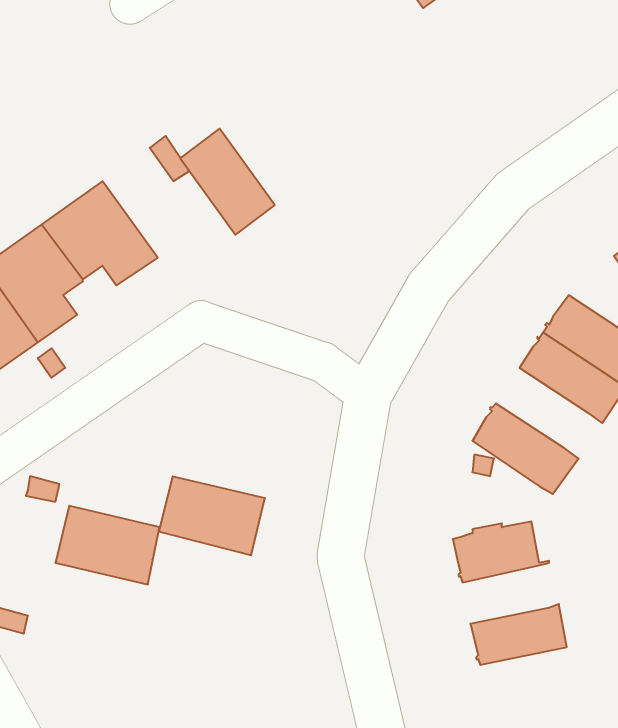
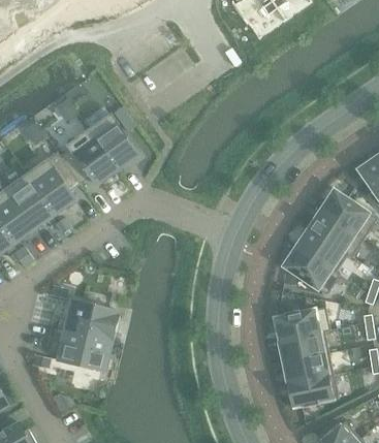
building: [180,129,275,235] -> [88,115,137,170]
building: none -> [294,228,350,276]
building: [159,476,265,555] -> [56,330,112,372]
building: none -> [276,330,327,362]
building: none -> [285,375,337,408]

